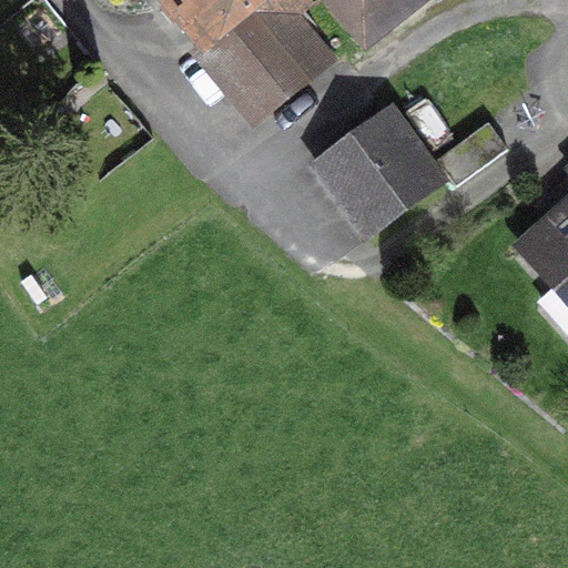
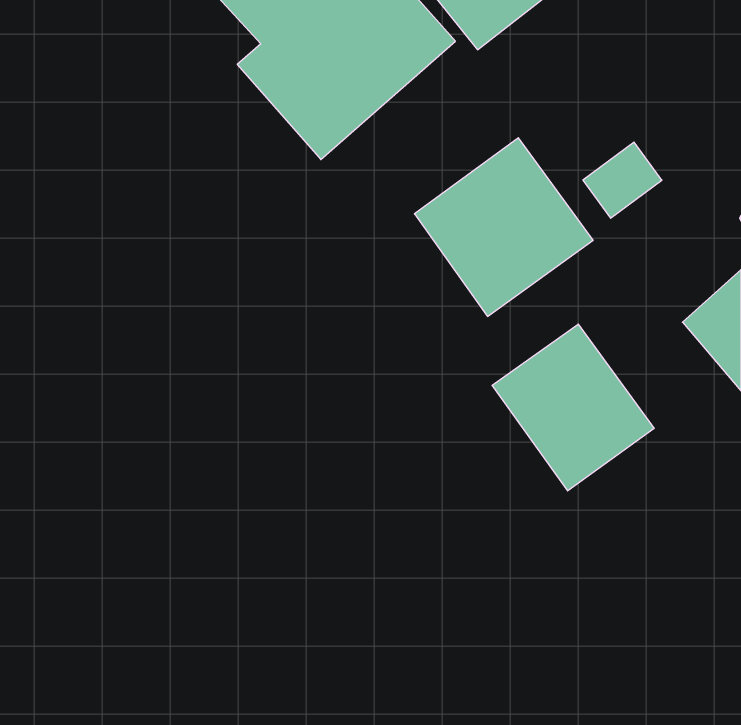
building: none -> [492,324,654,491]

